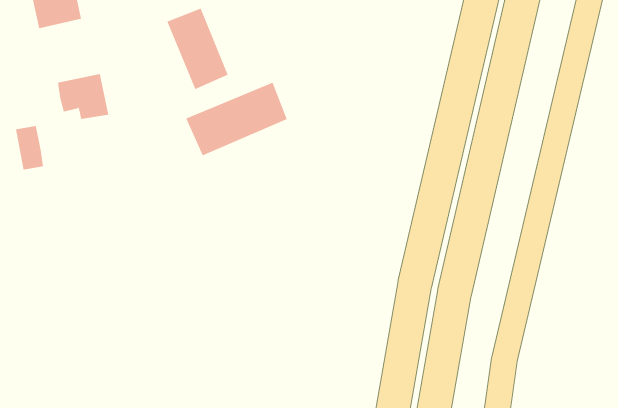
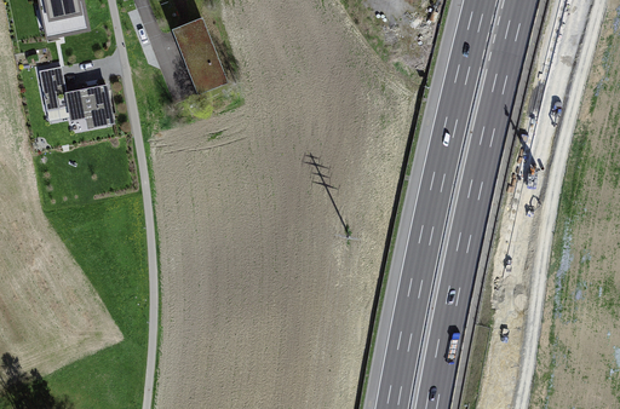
building: [186,82,288,156] -> none
building: [15,125,44,170] -> [38,64,65,108]

